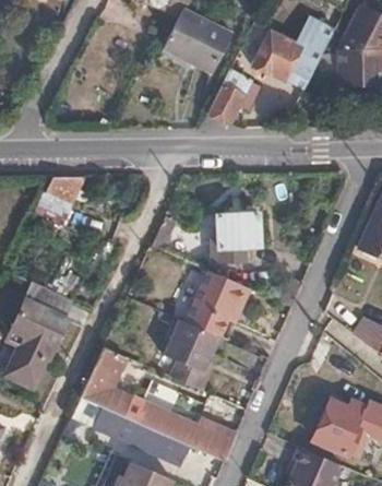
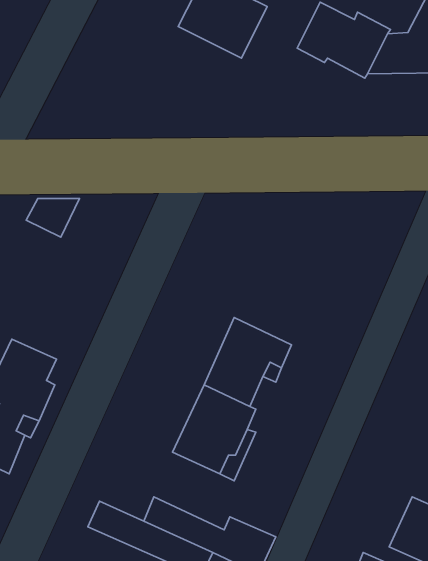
building: [207,66,259,118] -> none
building: [218,213,260,253] -> none
building: [80,345,126,406] -> none

